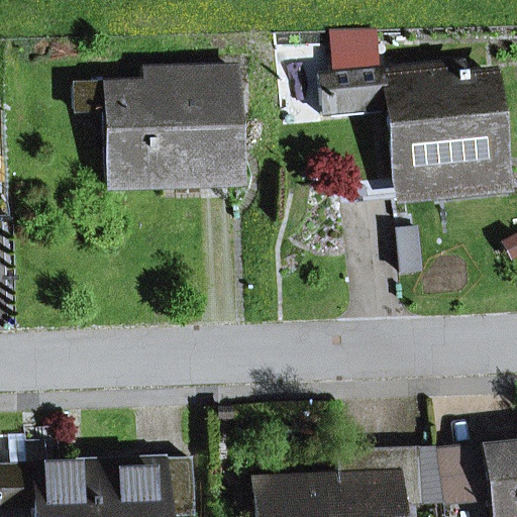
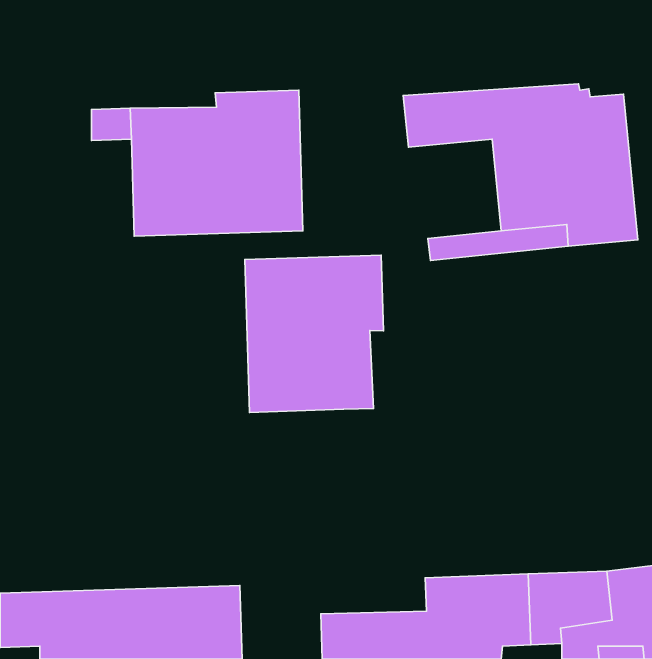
building: none -> [245,255,384,412]

